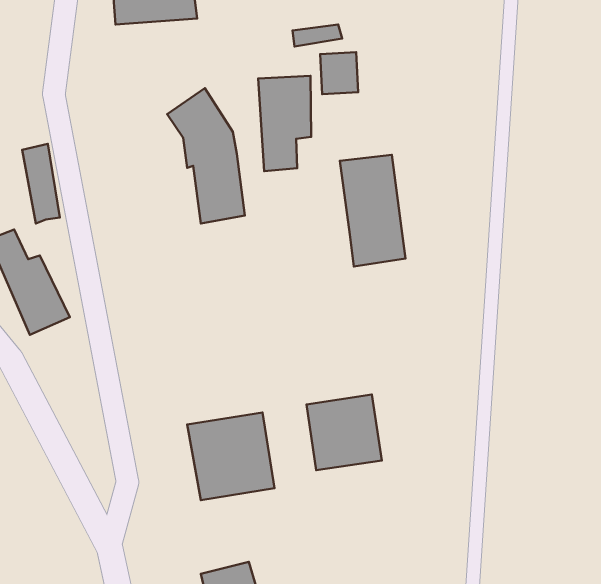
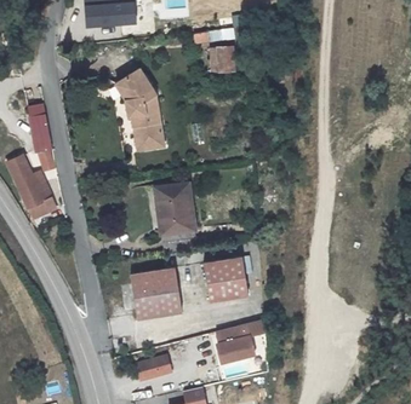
building: [258,76,311,171] -> none
building: [340,155,406,266] -> [155,185,195,253]
building: none -> [215,321,263,363]

